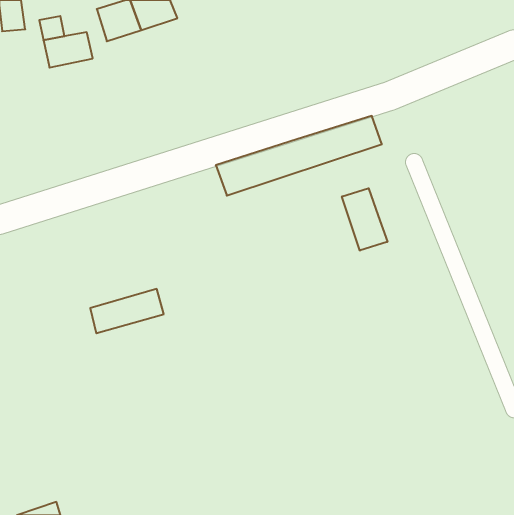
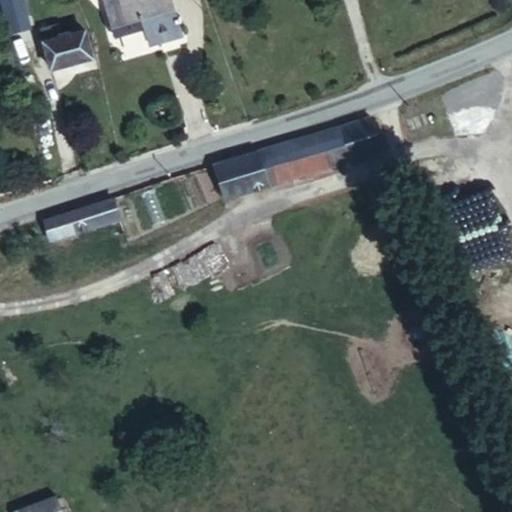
building: none -> [140,18,184,53]
building: [342,188,387,251] -> none
building: [90,289,164,333] -> [44,201,117,245]

